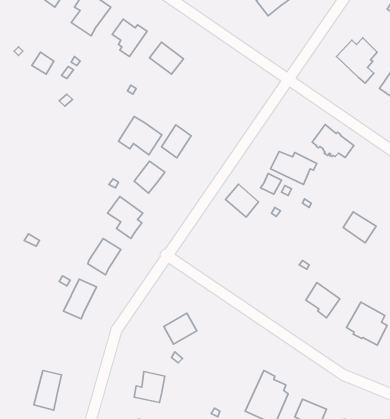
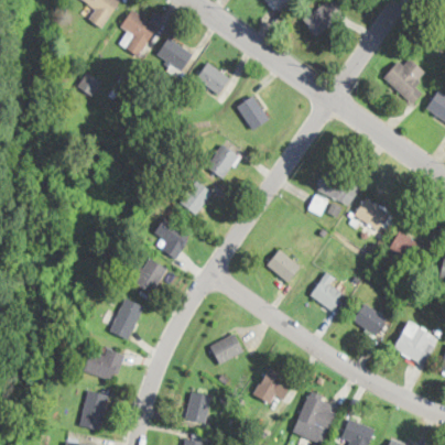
building: none -> [237,96,269,129]
building: [118,117,162,155] -> none
building: [312,125,354,158] -> [354,196,395,229]
building: [225,184,258,217] -> [267,249,300,282]
building: none -> [311,272,344,310]
building: none -> [85,349,124,379]
building: none -> [254,367,293,402]

